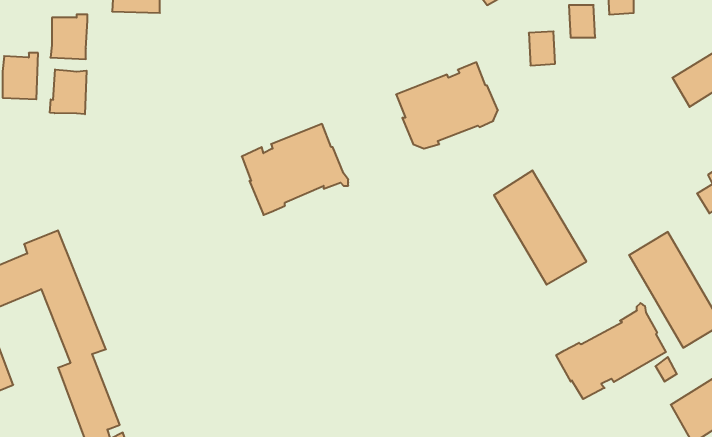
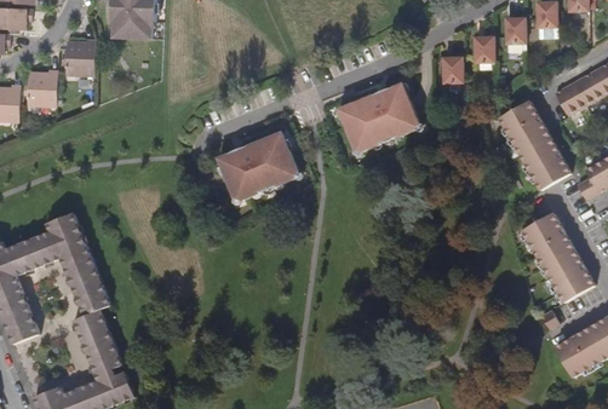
building: [50,69,87,114] -> none
building: [494,170,586,285] -> [499,100,572,190]
building: [556,303,666,399] -> none

